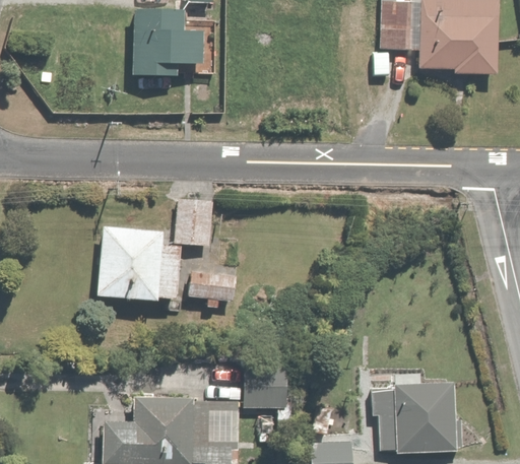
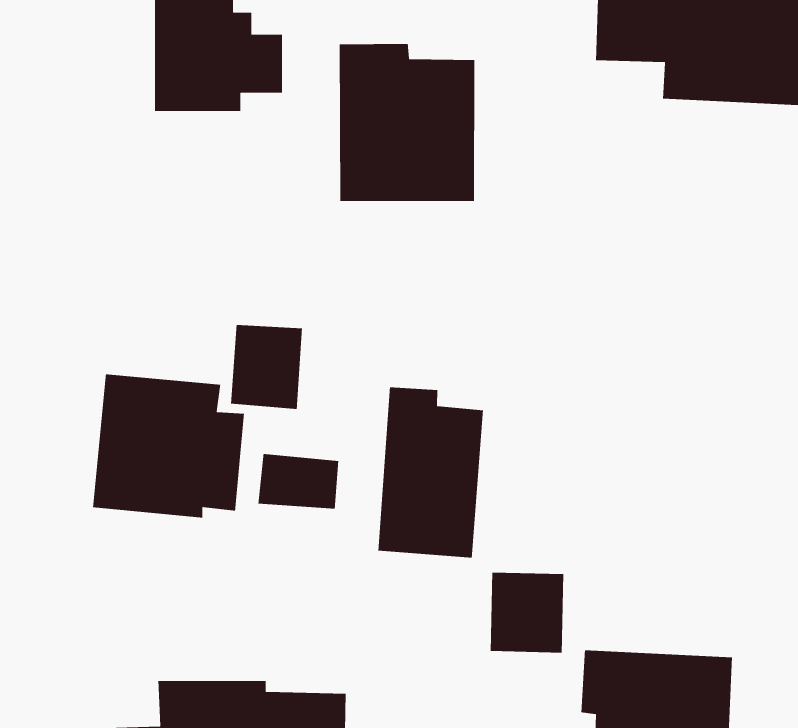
building: none -> [339,43,475,202]
building: none -> [378,387,484,558]
building: [244,363,285,409] -> [490,572,564,653]

